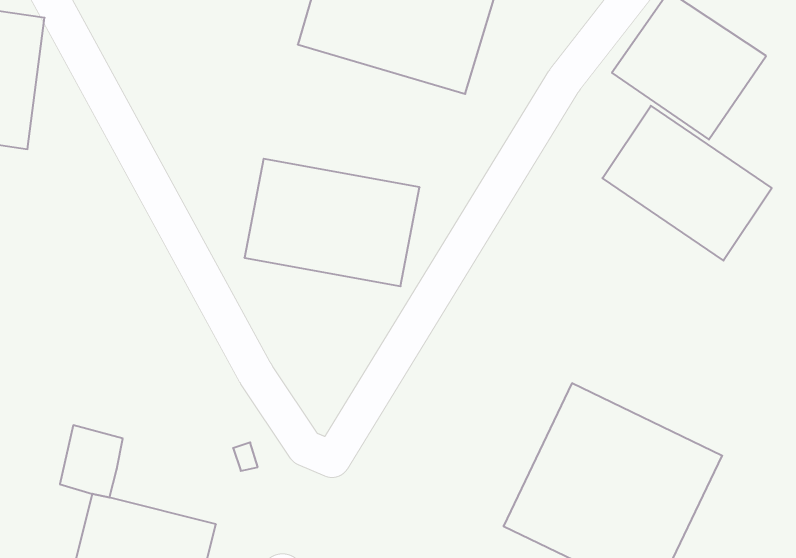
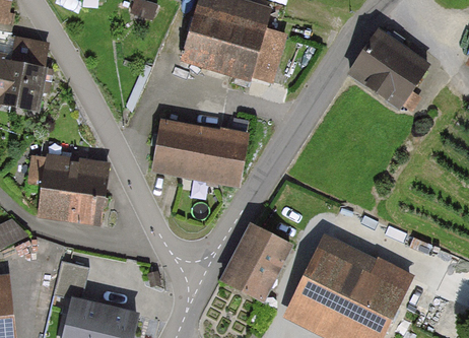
building: [602,106,772,261] -> none
building: none -> [29,159,107,224]
building: none -> [221,223,290,300]

